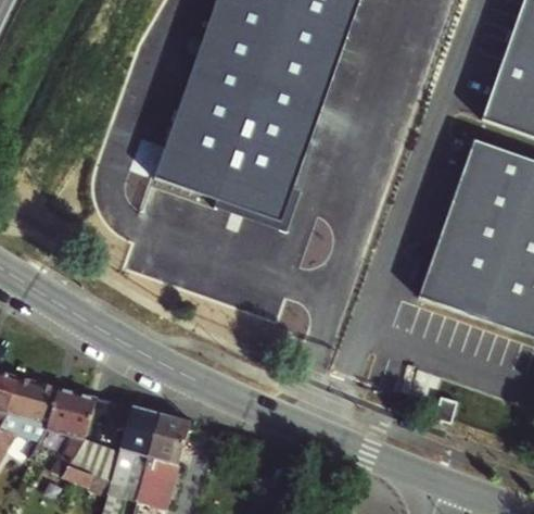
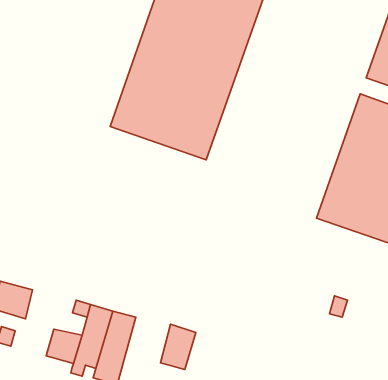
building: [49,387,111,487] -> none
building: none -> [161,324,196,369]

